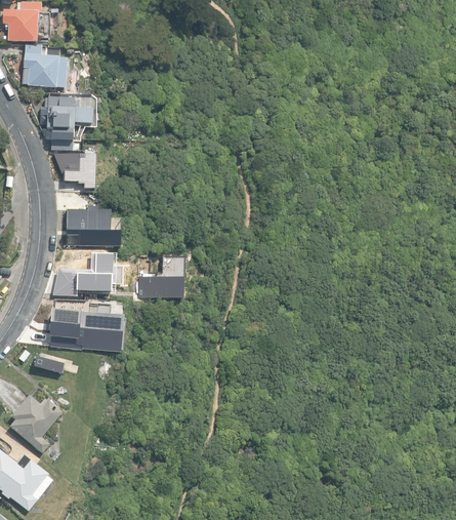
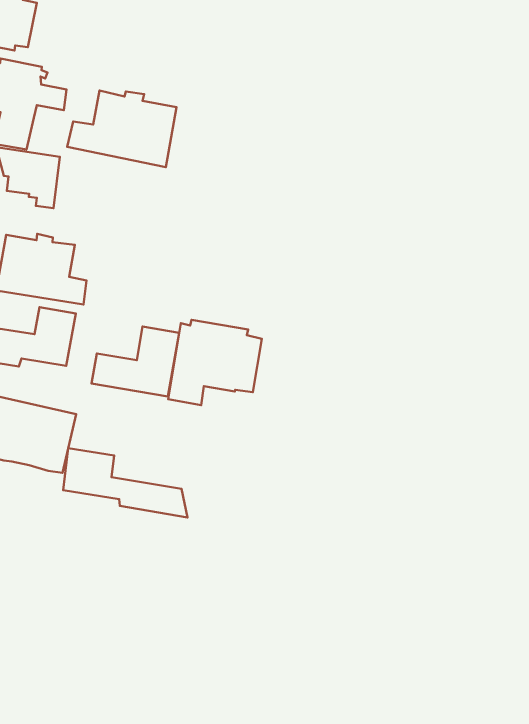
building: none -> [67,91,177,167]
building: none -> [168,320,262,405]
building: none -> [63,448,188,517]

